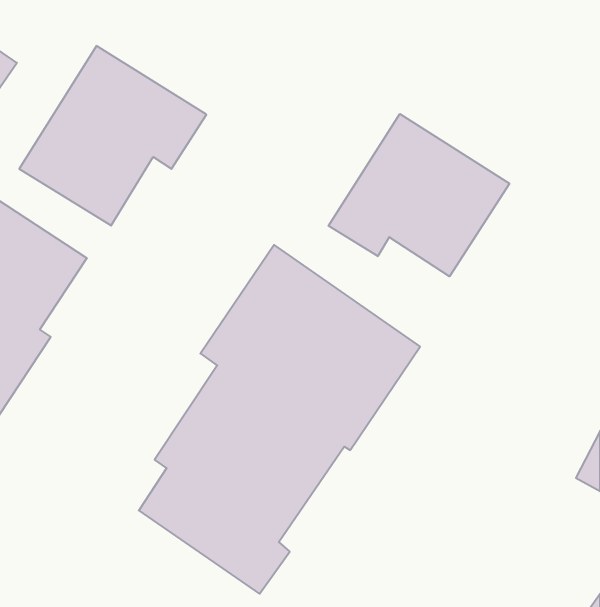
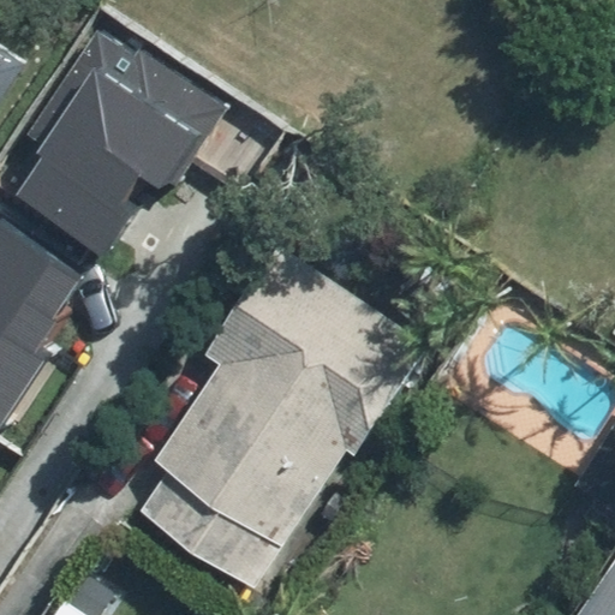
building: [329,114,509,276] -> none

